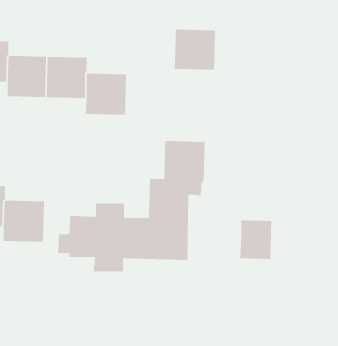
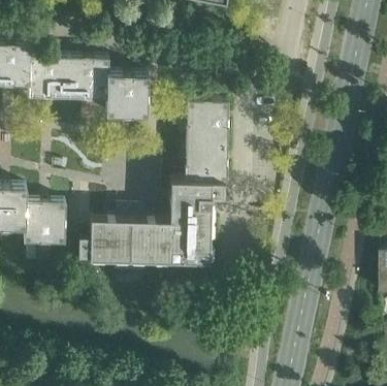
building: [174,29,216,70] -> [187,102,229,143]
building: [240,220,272,260] -> none

